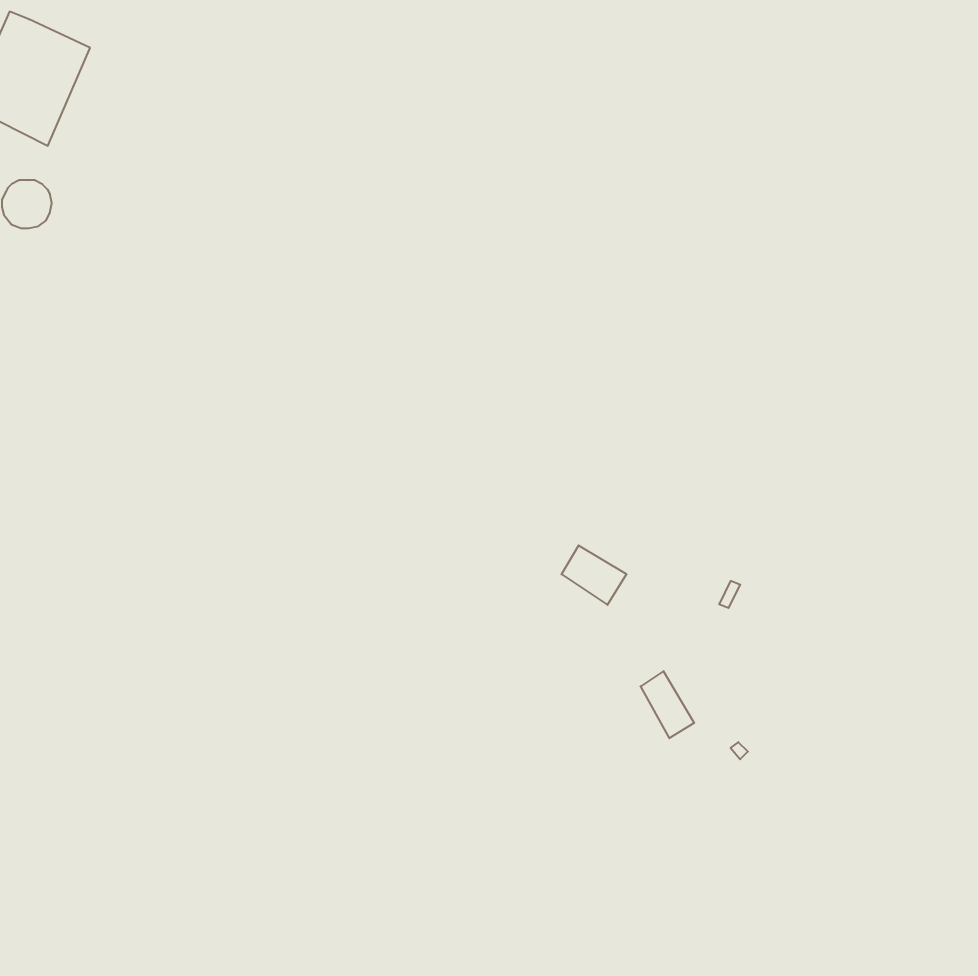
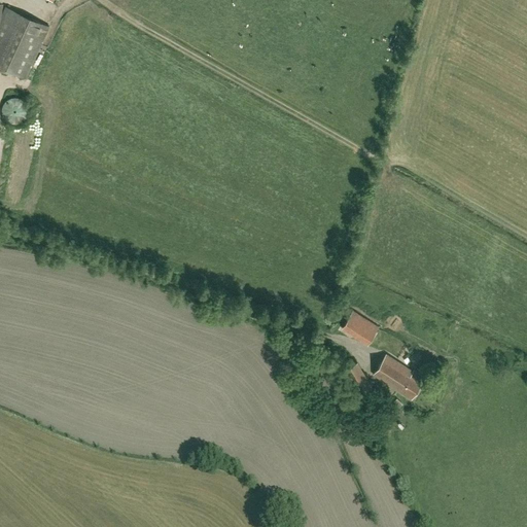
building: [561,545,627,605] -> [342,313,377,345]
building: none -> [372,356,423,400]

